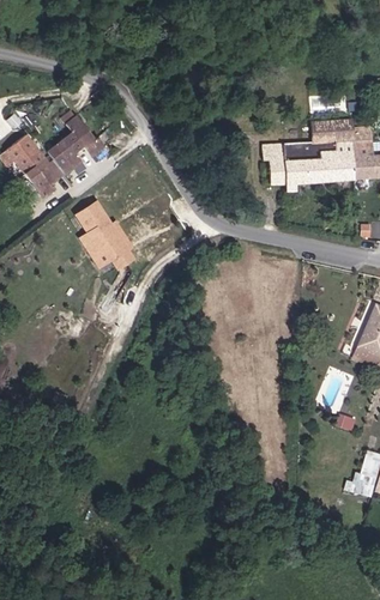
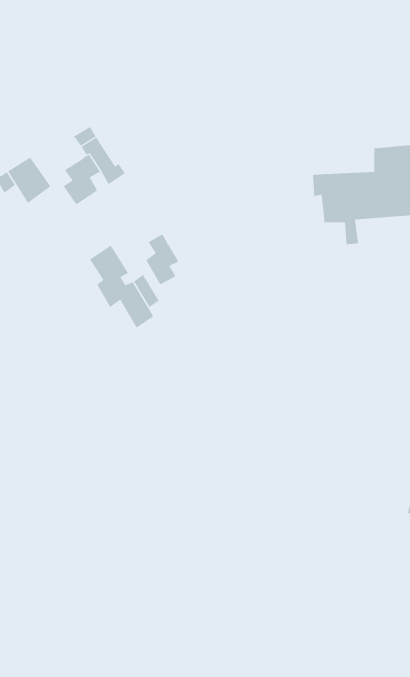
building: [30,159,70,198] -> none
building: none -> [145,233,179,285]

